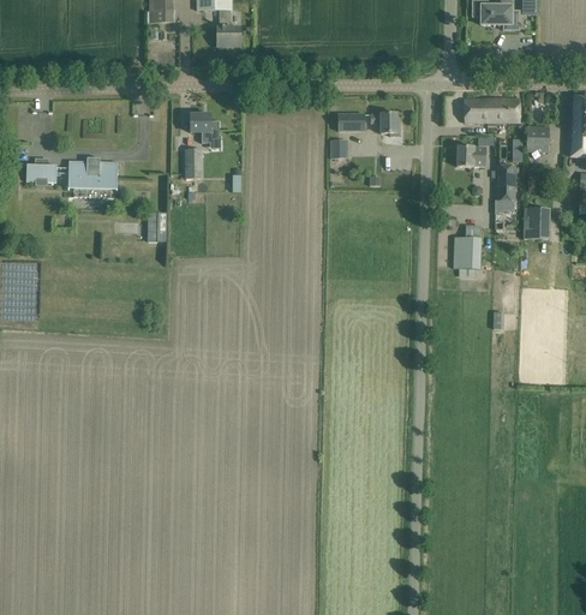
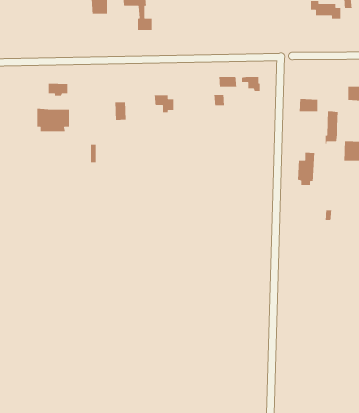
building: [464,97,521,123] -> none
building: [190,114,220,142] -> [154,95,174,113]
building: [26,163,56,184] -> [48,83,68,97]

